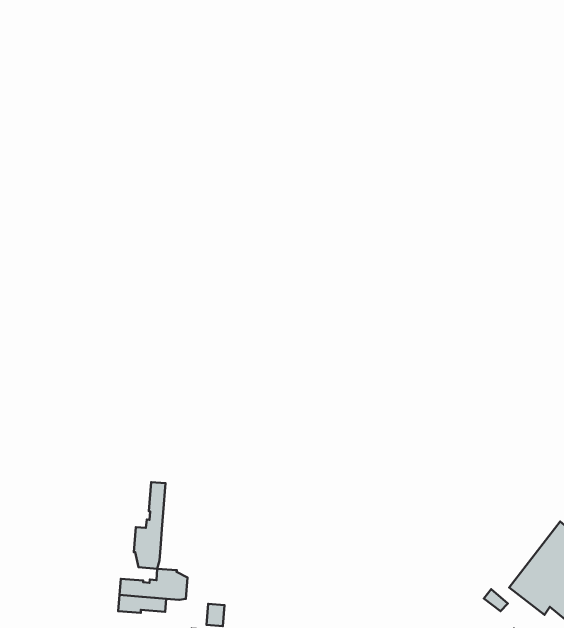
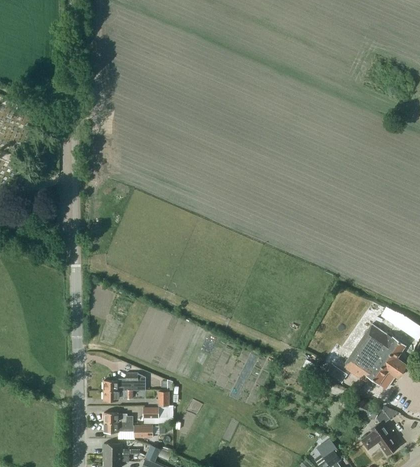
building: [134,482,166,569] -> none

